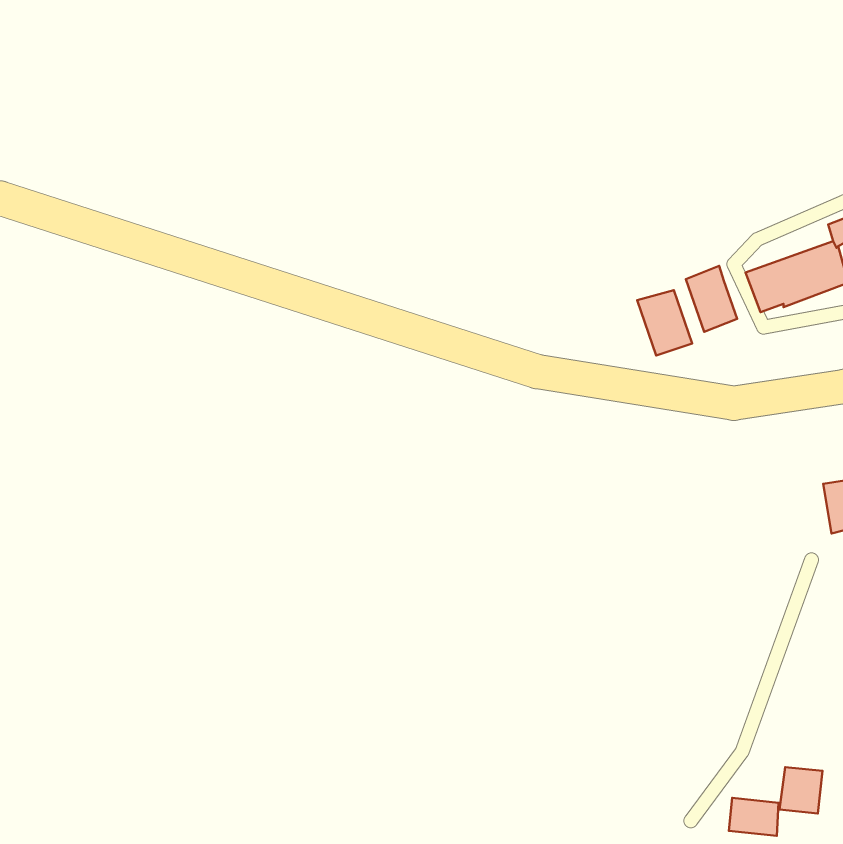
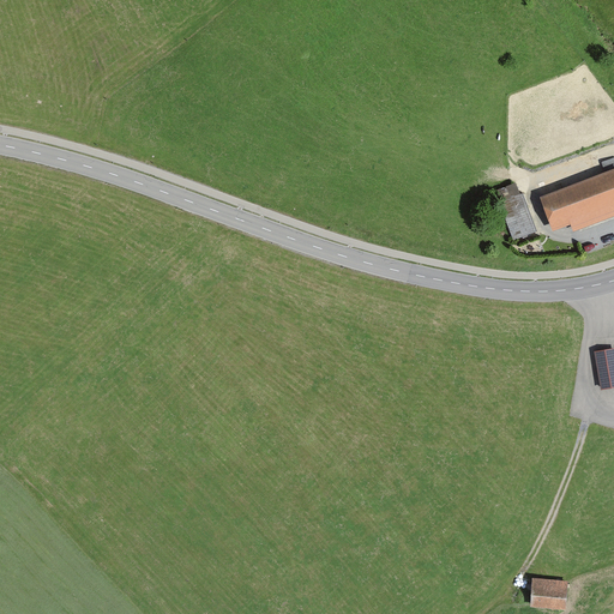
building: [637,290,692,356] -> none
building: [779,767,822,813] -> none

